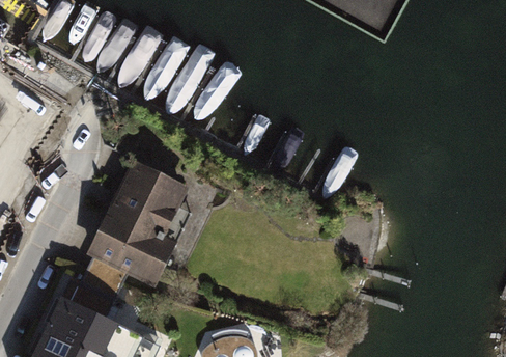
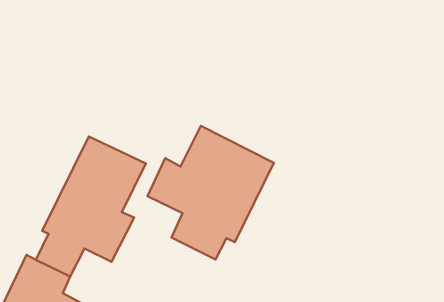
building: none -> [147,126,274,259]

